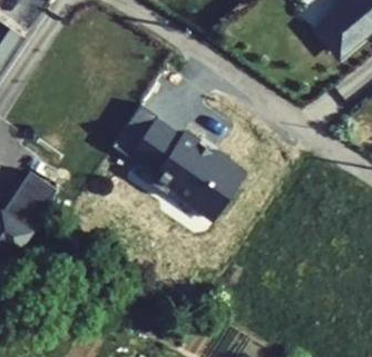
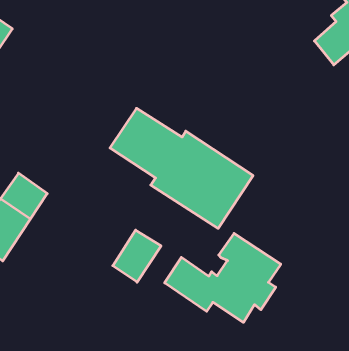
building: none -> [113,230,161,282]
building: none -> [165,233,281,322]

